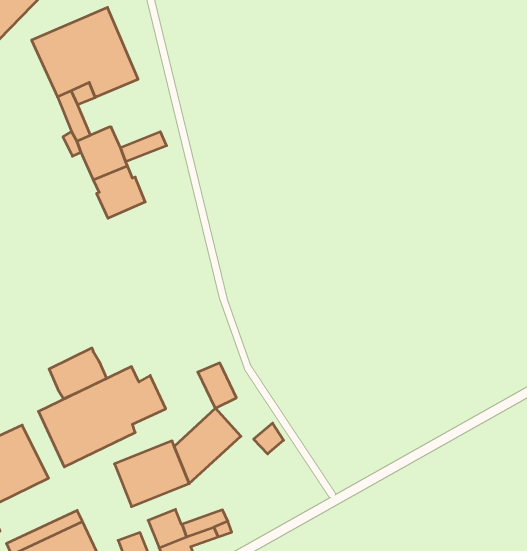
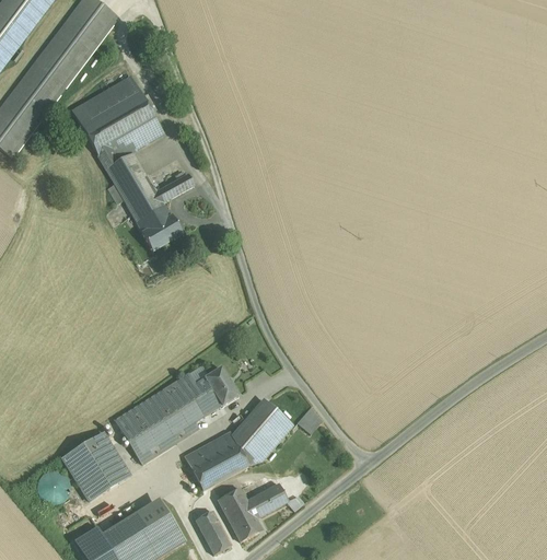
building: none -> [116,151,146,184]
building: [49,348,106,399] -> none
building: [198,363,236,408] -> [203,368,238,406]

